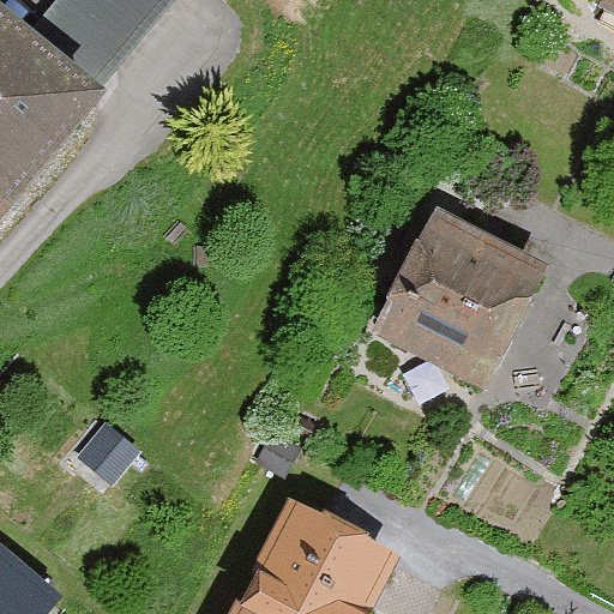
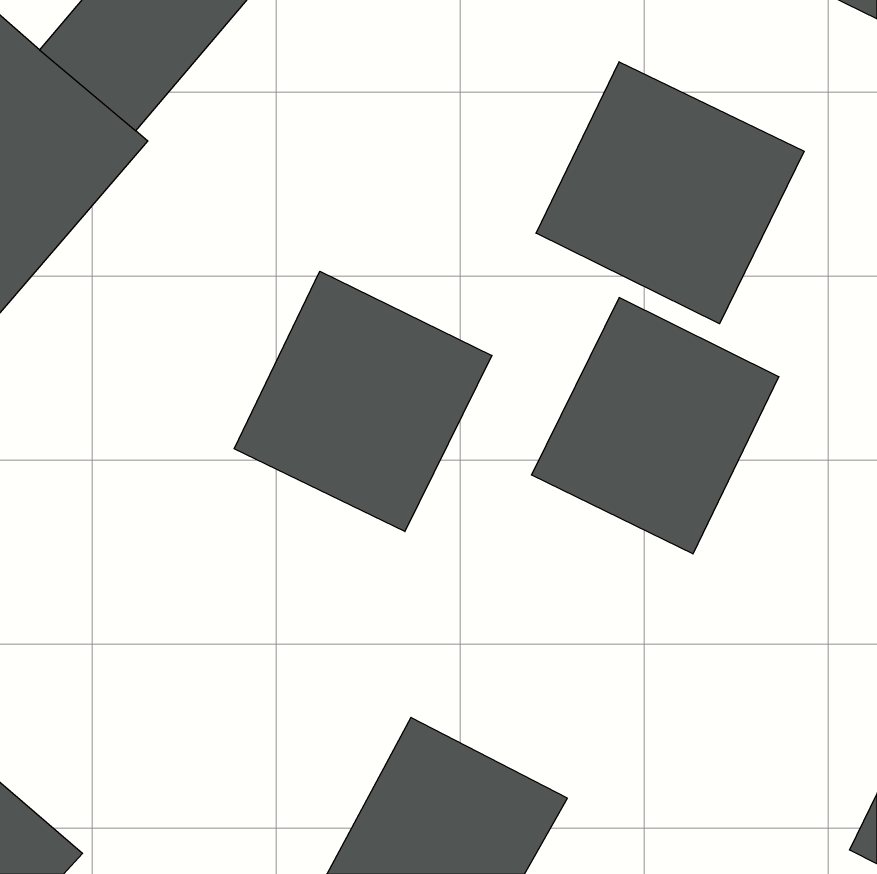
building: none -> [536,62,804,324]
building: none -> [234,271,492,532]

